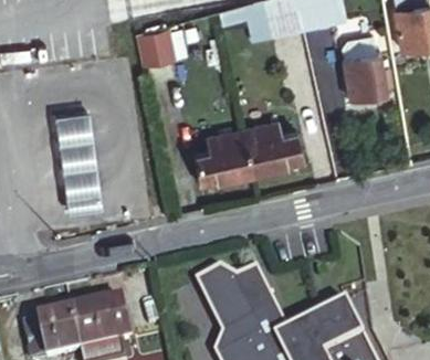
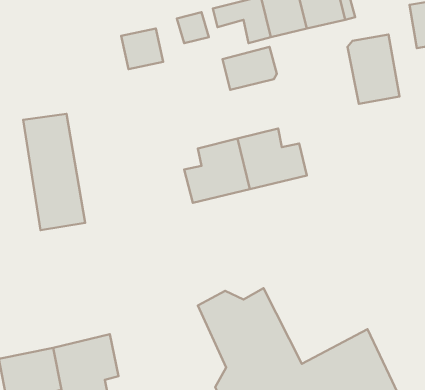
building: none -> [222,47,277,90]

